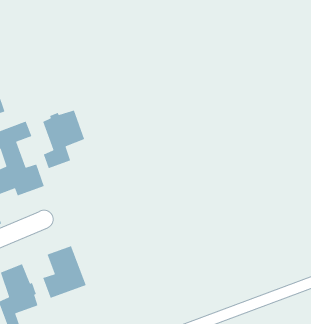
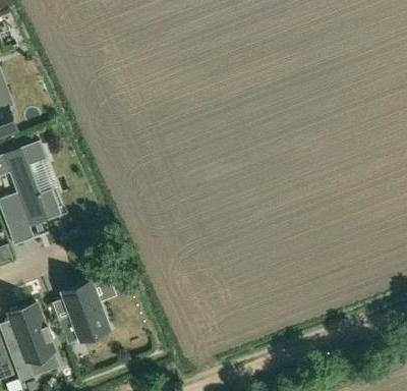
building: [42,110,85,169] -> none

